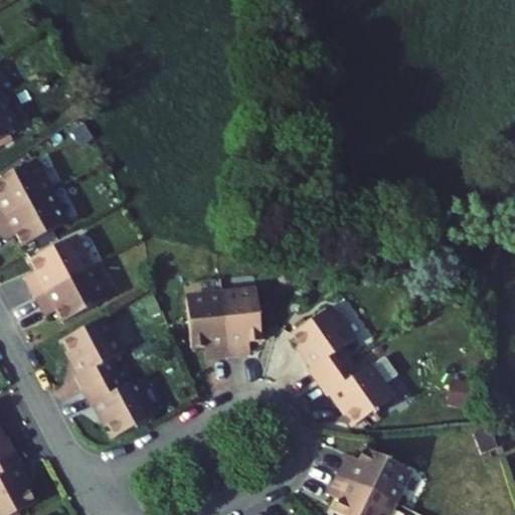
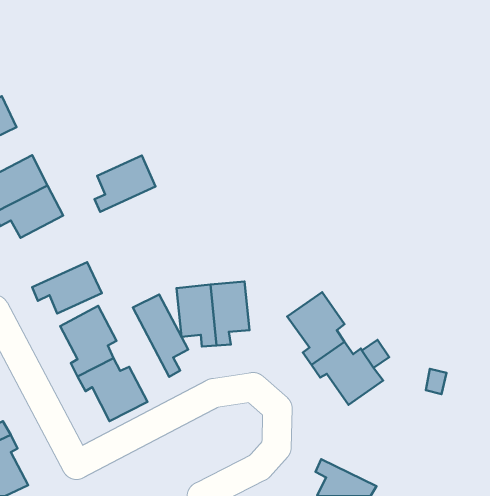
building: [27,239,91,298] -> [94,156,156,212]
building: none -> [133,295,188,377]
building: [333,450,405,504] -> none

